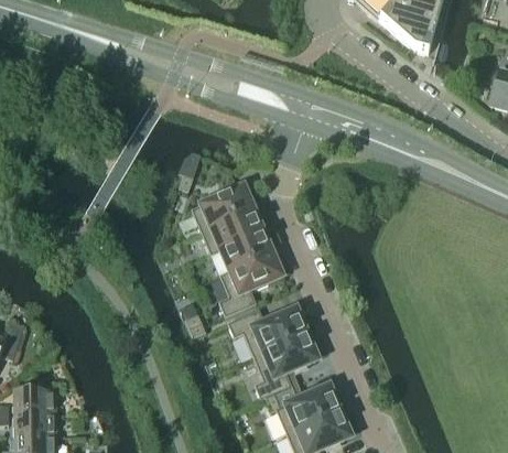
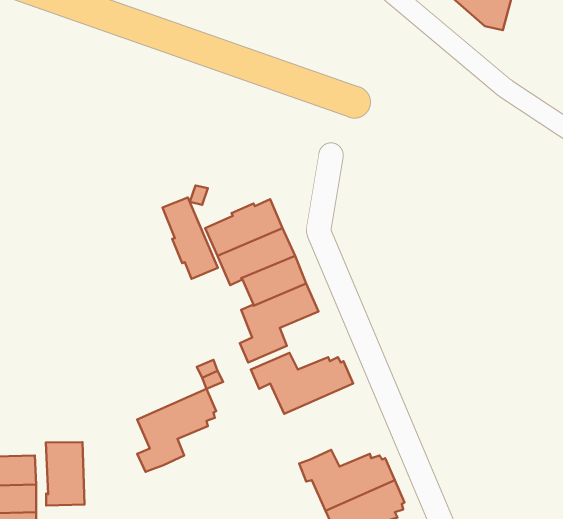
building: none -> [162,198,218,279]
building: [255,332,317,398] -> [137,389,216,472]
building: none -> [46,442,84,505]

